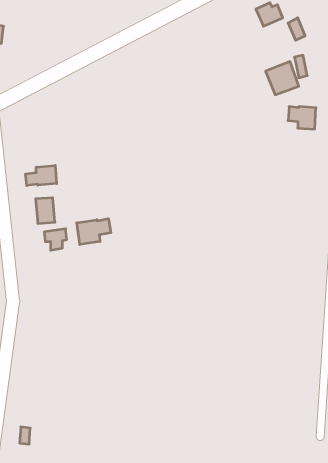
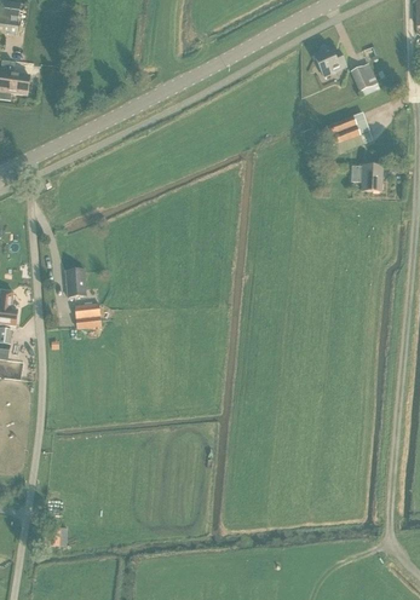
building: [26,165,57,186] -> none
building: [77,219,111,245] -> none

